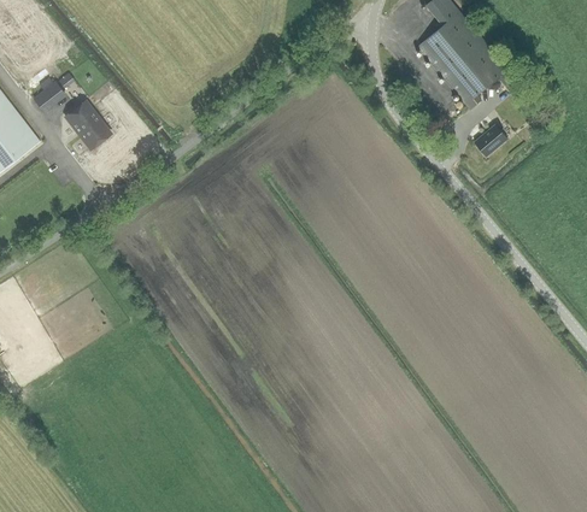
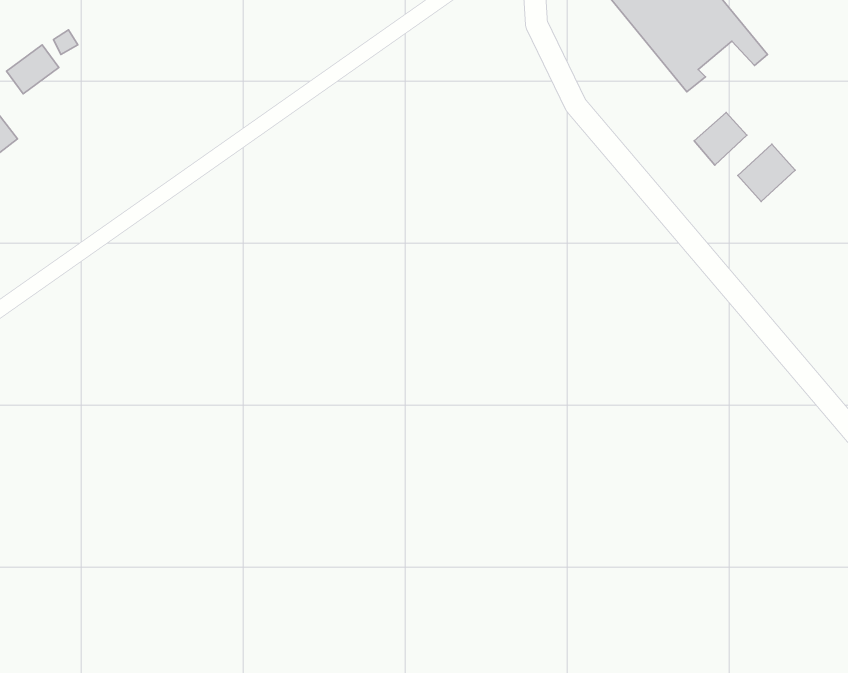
building: [65,101,108,148] -> none
building: none -> [738,144,795,201]

